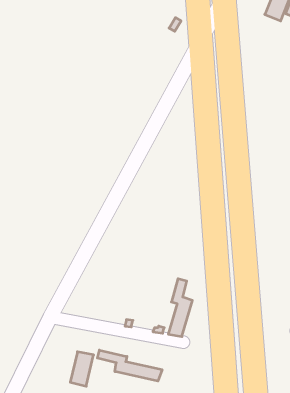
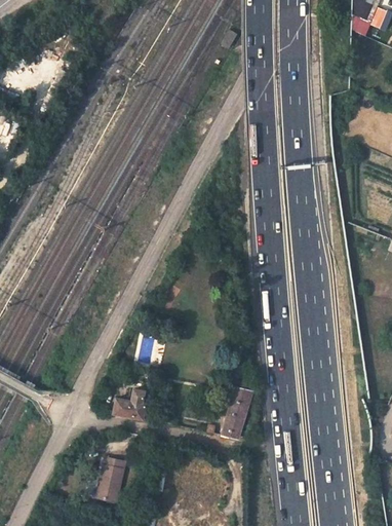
building: none -> [113,389,145,419]
building: [97,350,162,381] -> none

